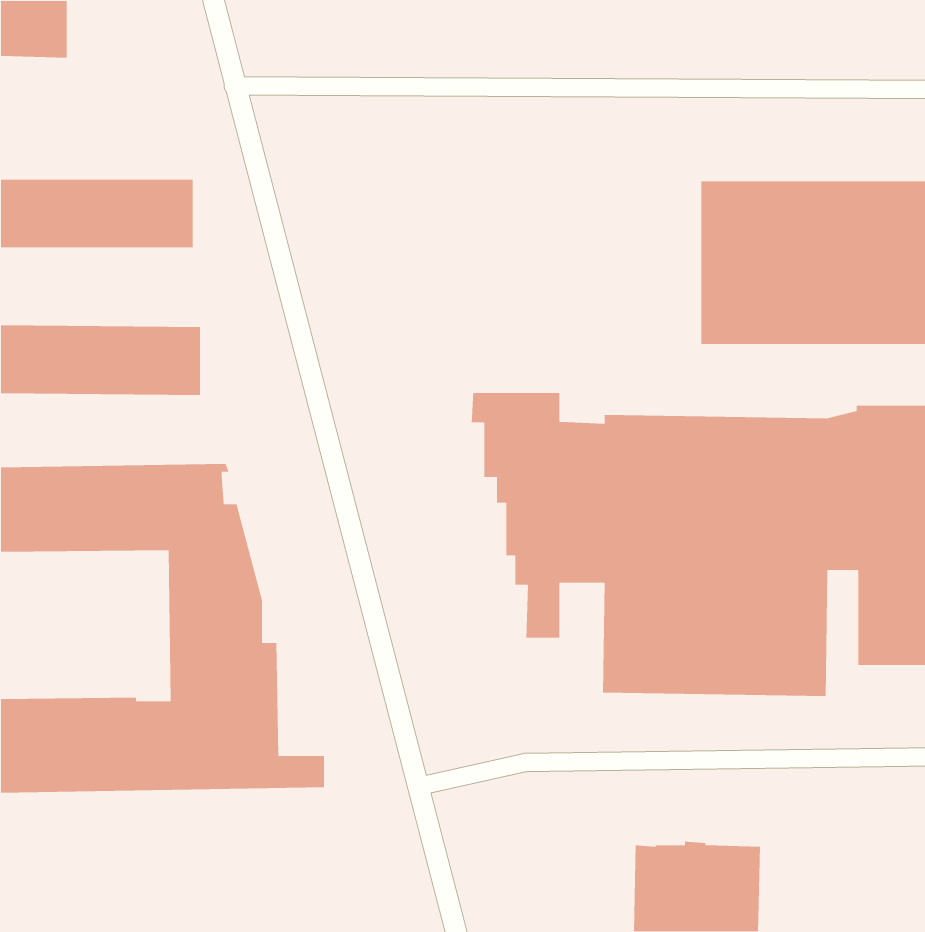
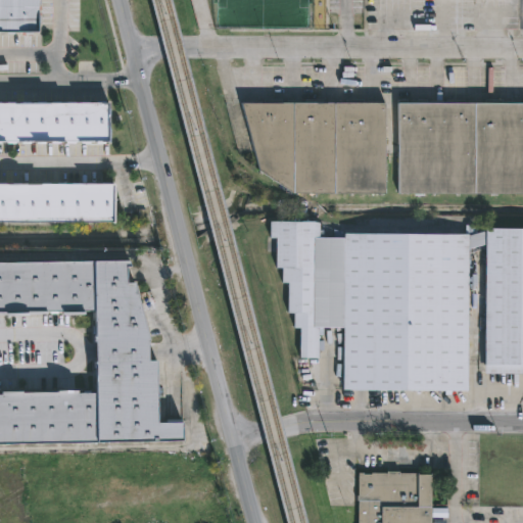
building: none -> [240,101,383,192]

